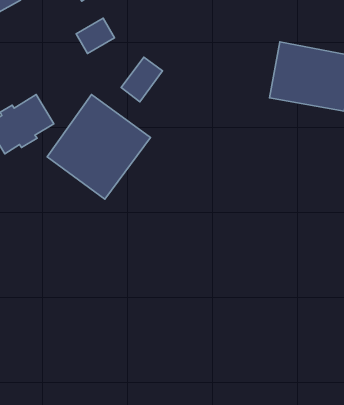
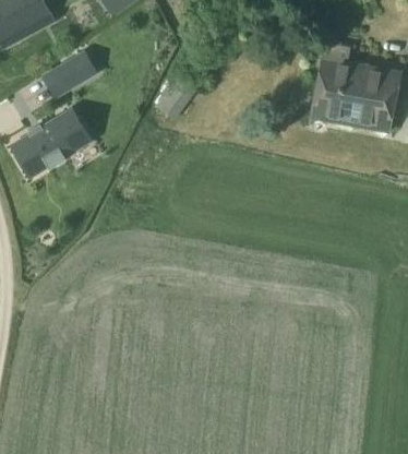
building: [76,18,114,53] -> [56,51,96,88]
building: [47,94,151,199] -> none

